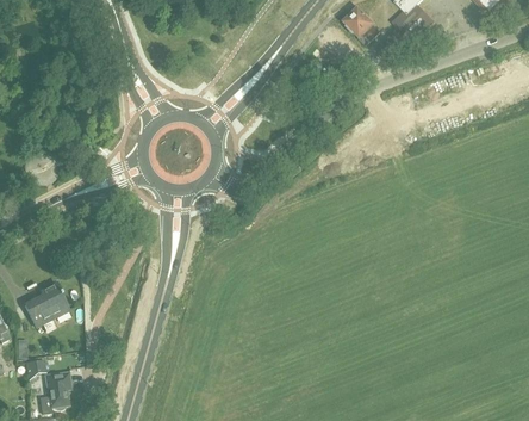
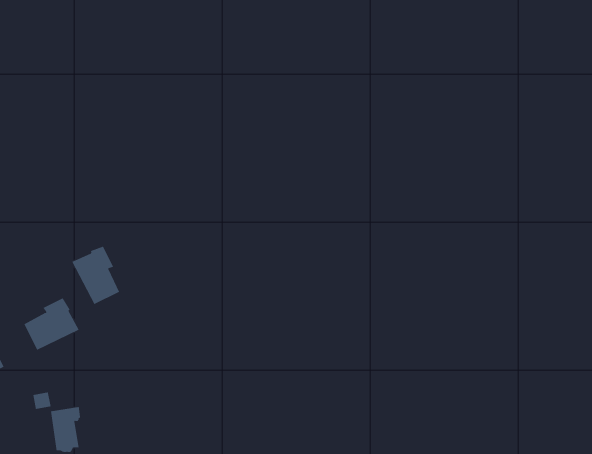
building: none -> [72,246,120,305]

